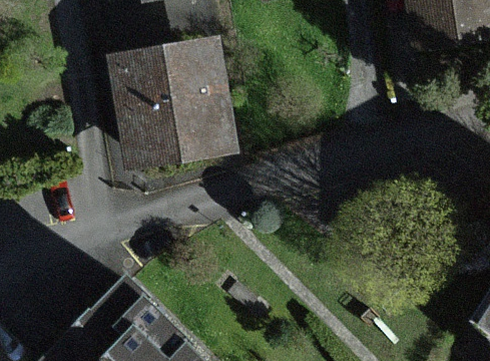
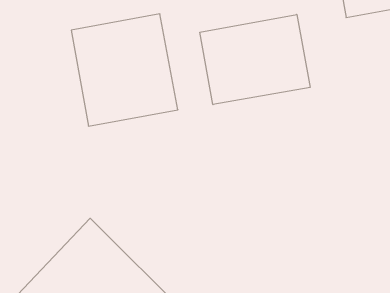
building: none -> [200,14,310,105]

